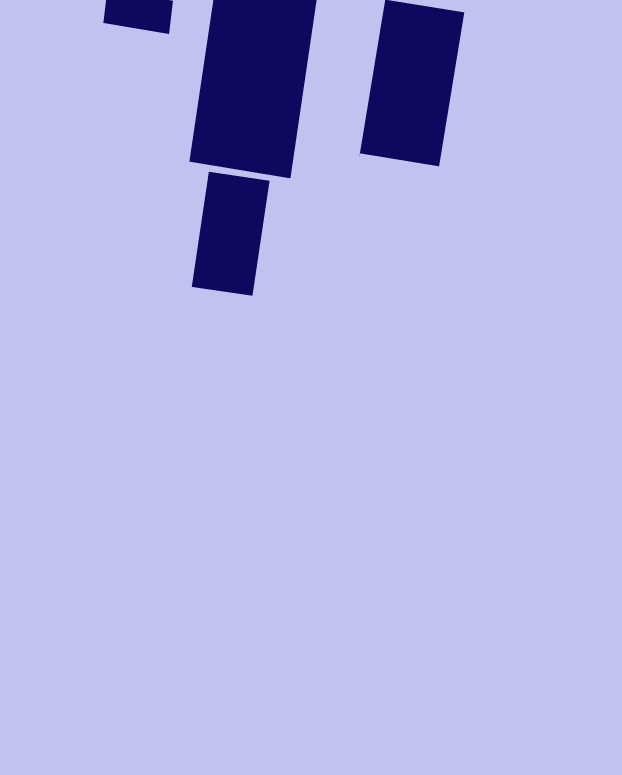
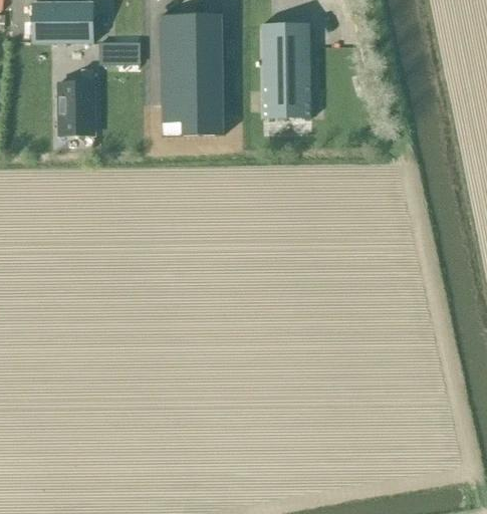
building: none -> [58,68,94,134]
building: [191,169,270,297] -> none

